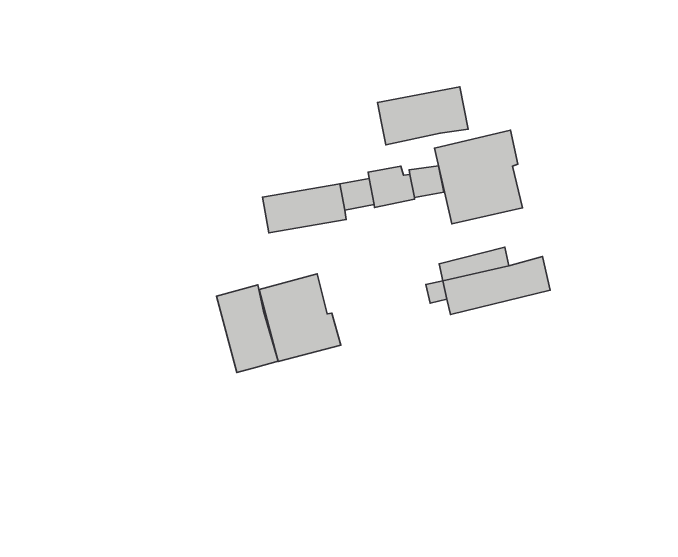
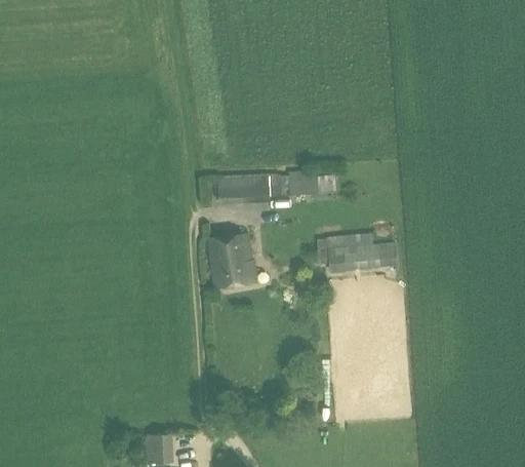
building: [377,87,468,145] -> none
building: [435,130,523,224] -> none
building: [217,285,278,372] -> none

